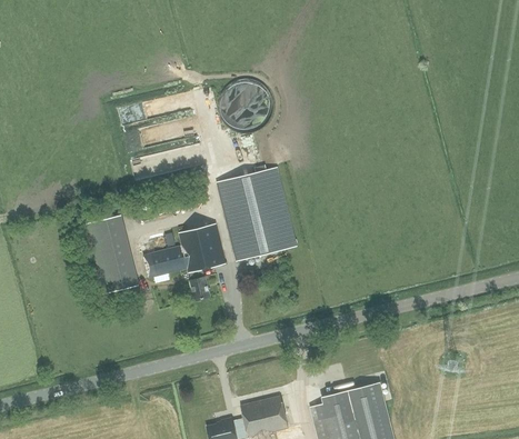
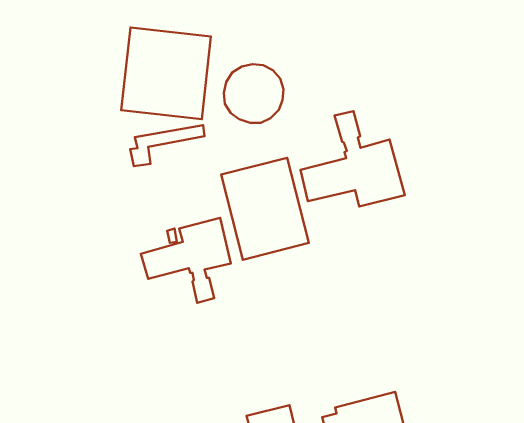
building: none -> [121,28,211,119]
building: none -> [300,111,405,207]
building: [87,216,139,295] -> none

